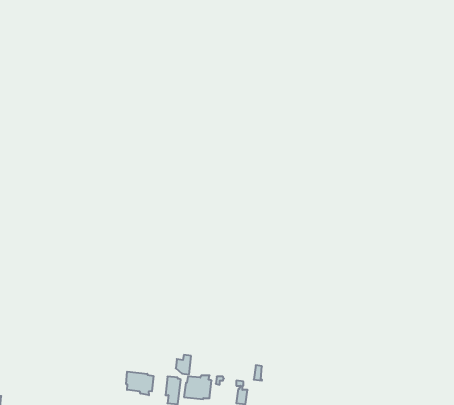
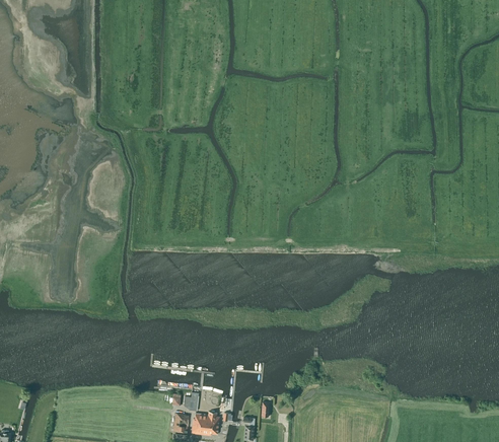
building: [126,372,153,395] -> none

